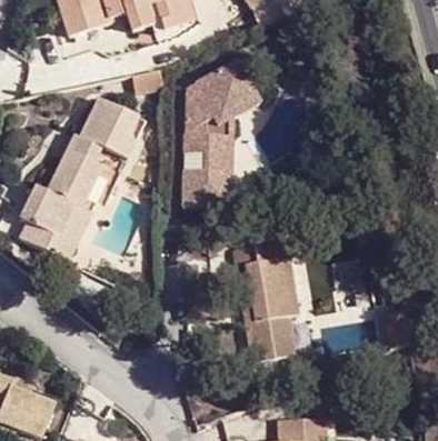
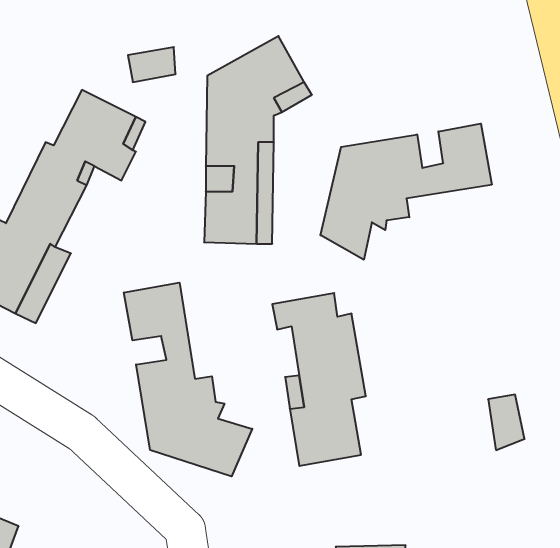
building: none -> [320,124,492,260]
building: none -> [124,283,252,476]

